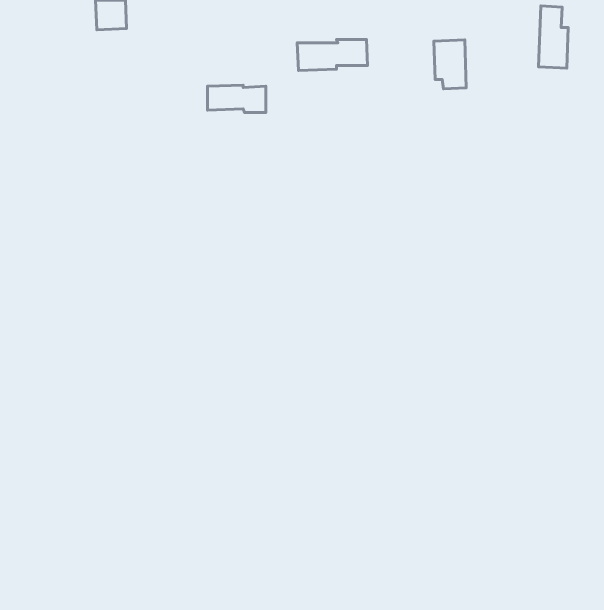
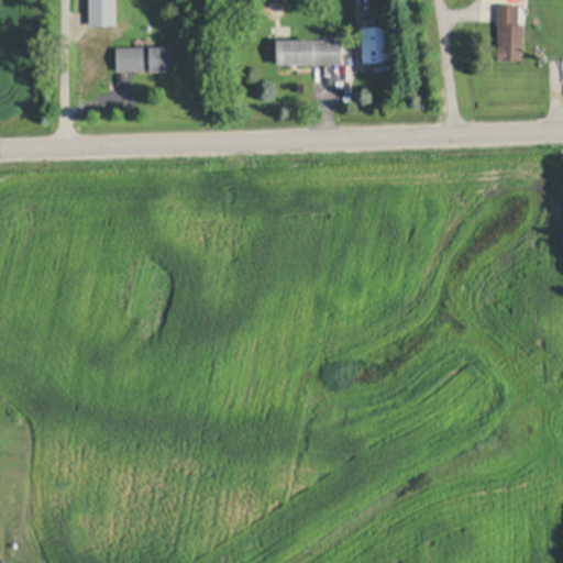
building: [434,40,466,89] -> [358,26,388,71]
building: [207,85,266,113] -> [113,46,167,71]

